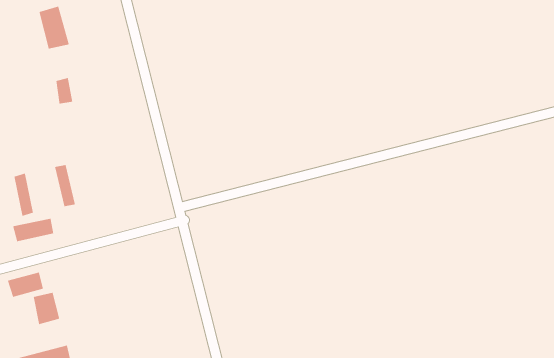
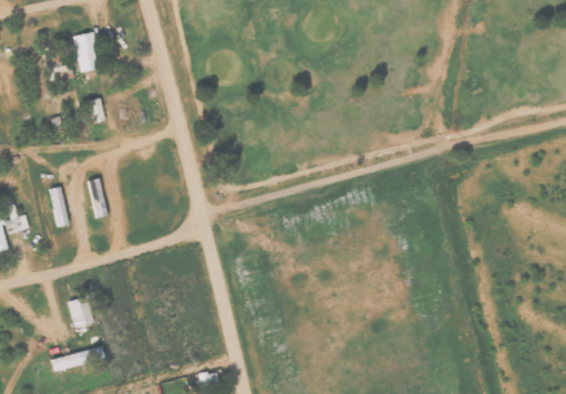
building: [12,218,54,242] -> none
building: [7,272,44,298] -> none

